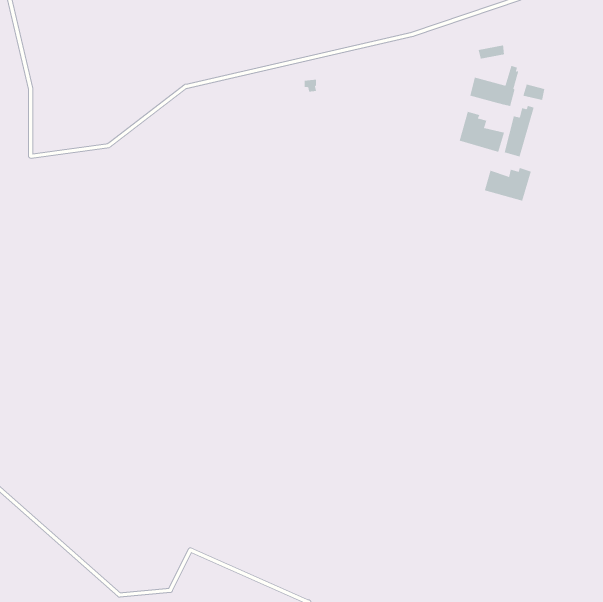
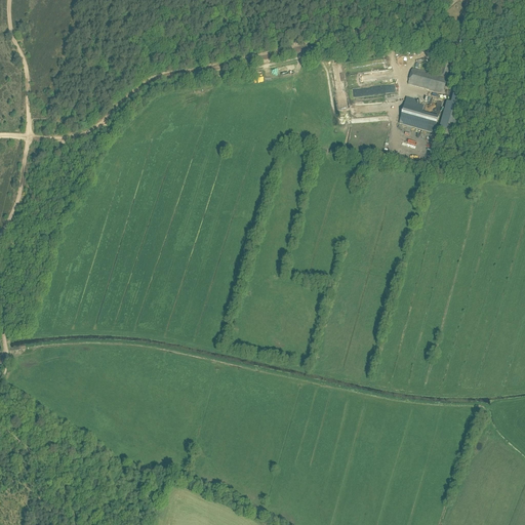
building: [484,167,532,202] -> none

